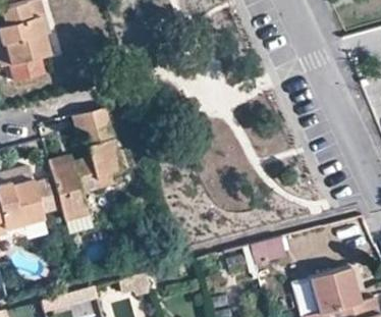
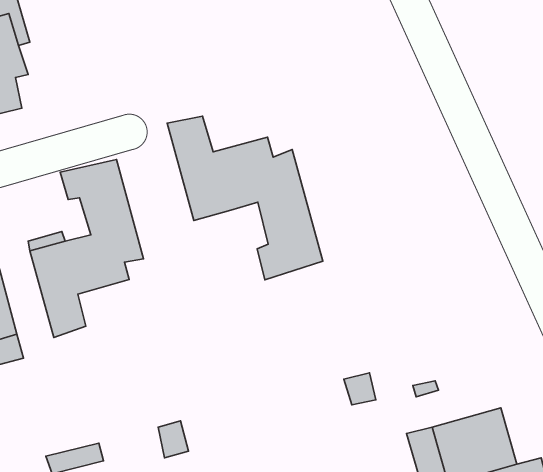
building: none -> [167,116,323,280]

